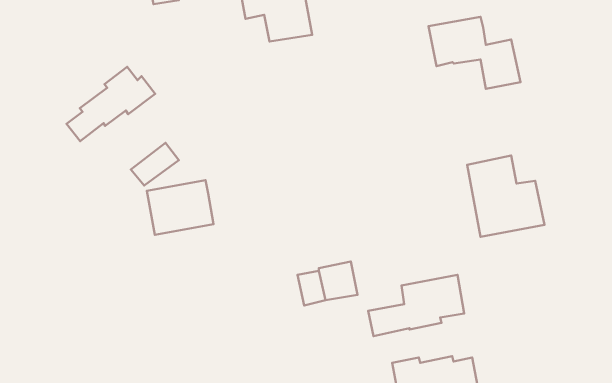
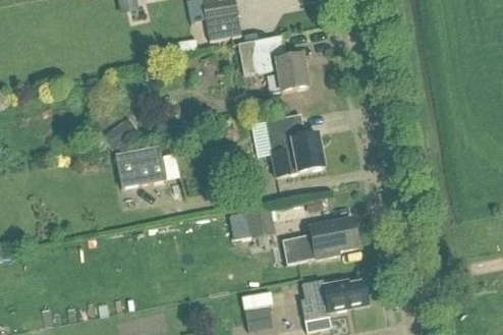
building: [429,17,521,89] -> [238,37,309,92]
building: [67,67,155,141] -> none
building: [467,156,545,237] -> [267,114,326,176]

